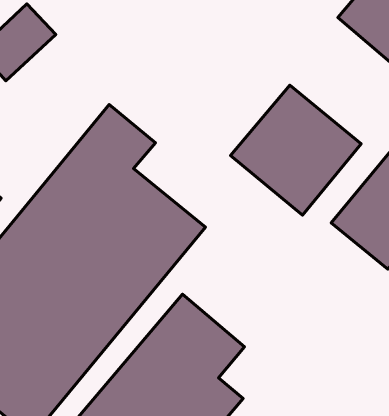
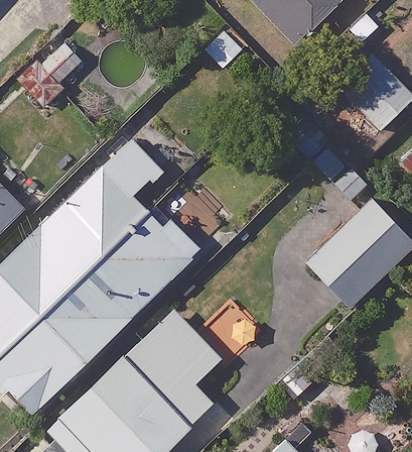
building: [230,85,361,215] -> none

